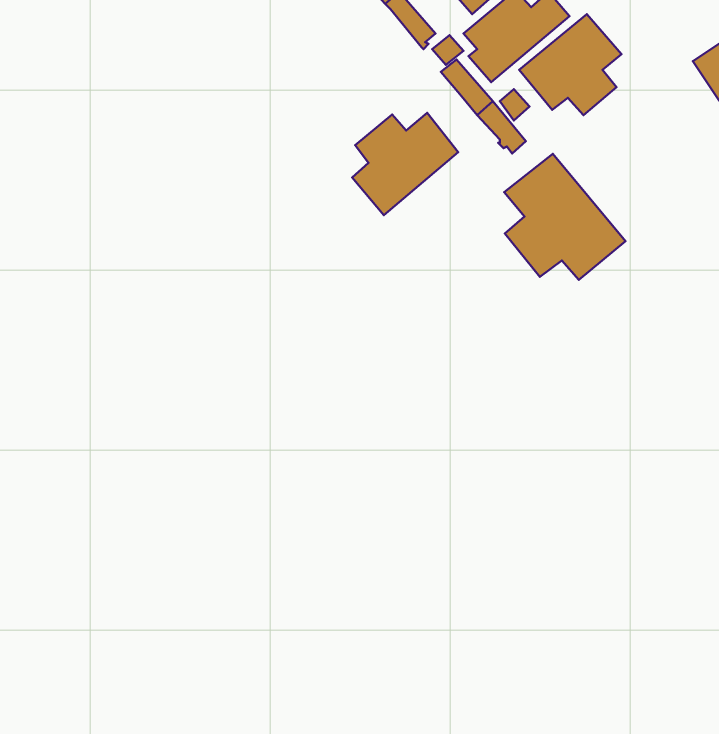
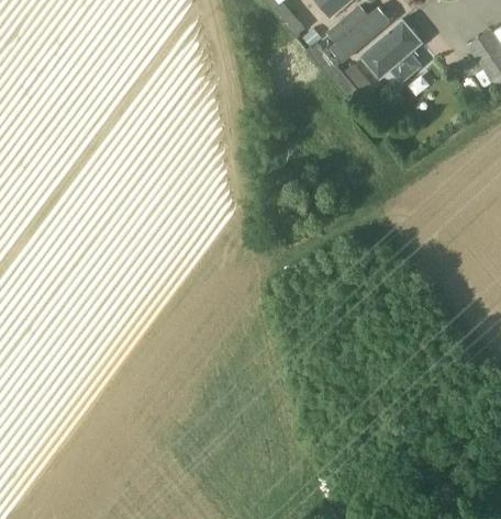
building: [352,113,458,215] -> none
building: [504,154,625,280] -> none

